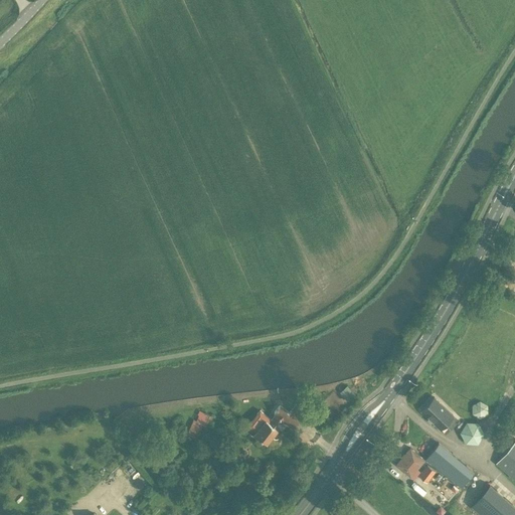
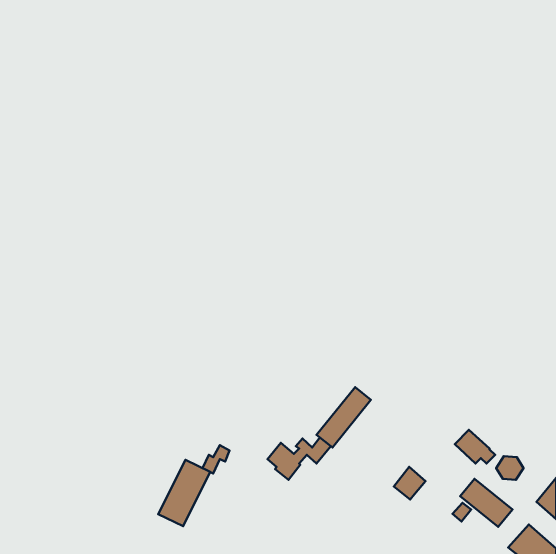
building: none -> [317,387,371,447]
building: none -> [158,460,210,526]
building: [396,449,425,479] -> [394,467,425,500]

